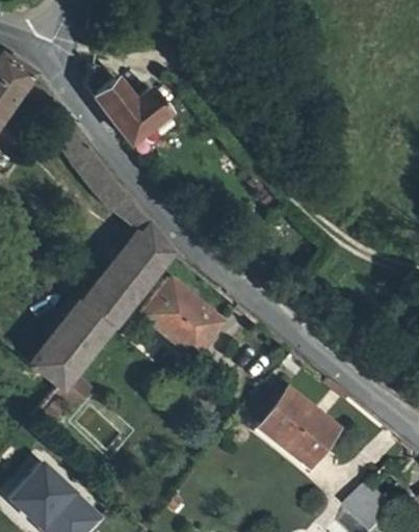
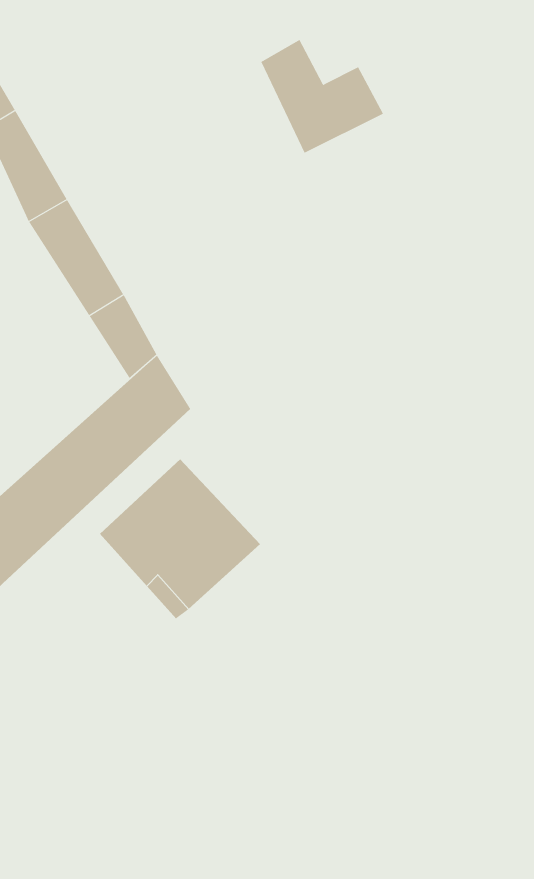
building: [99,79,171,141] -> [260,39,384,154]
building: [260,392,338,467] -> none

